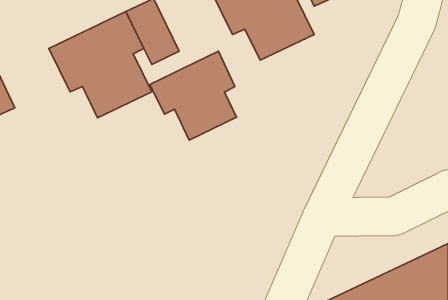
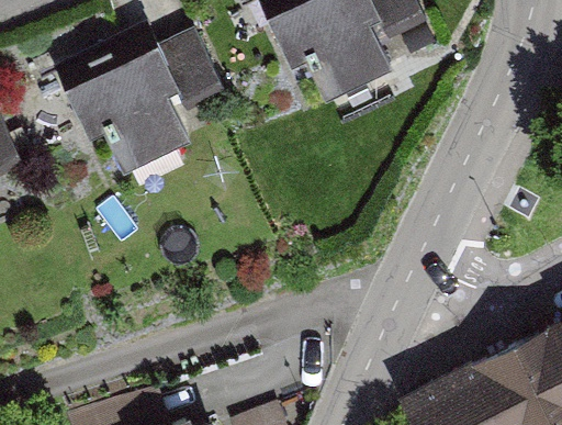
building: [150,51,236,140] -> none

